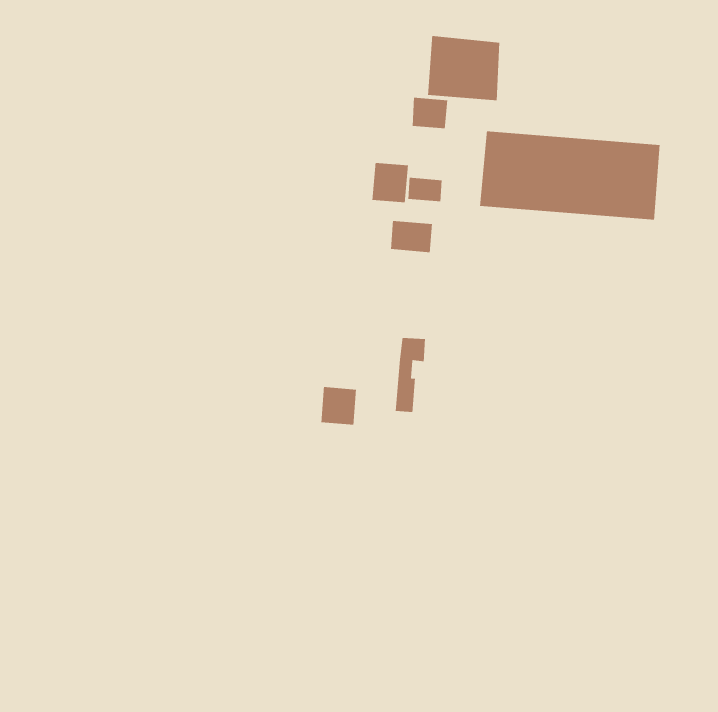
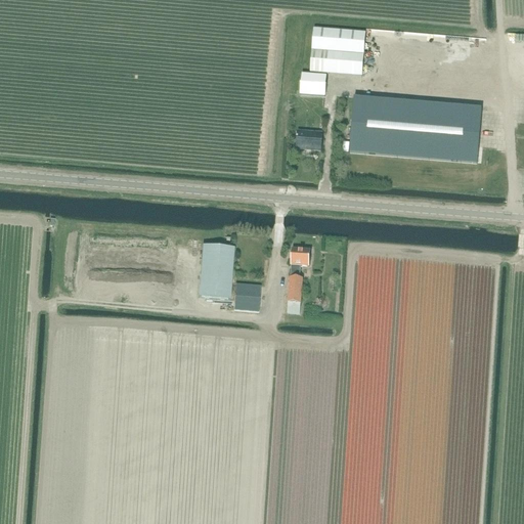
building: [372,162,409,203] -> none
building: [390,220,433,253] -> none
building: none -> [198,243,233,297]

